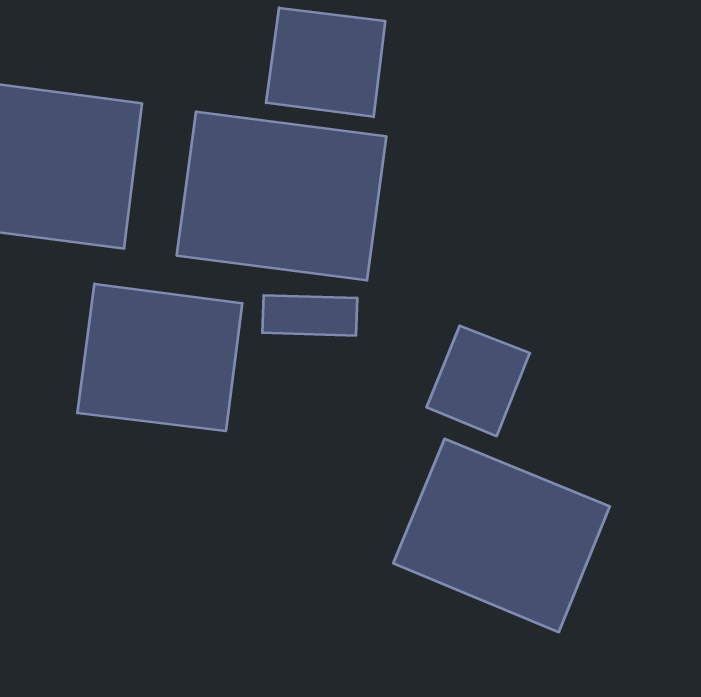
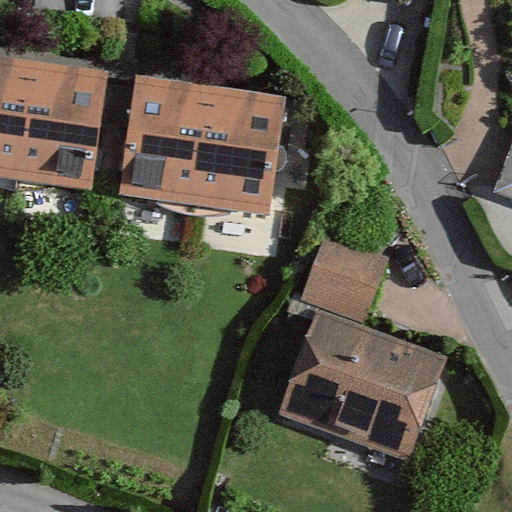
building: [266,8,385,117] -> none
building: [77,284,242,431] -> none

